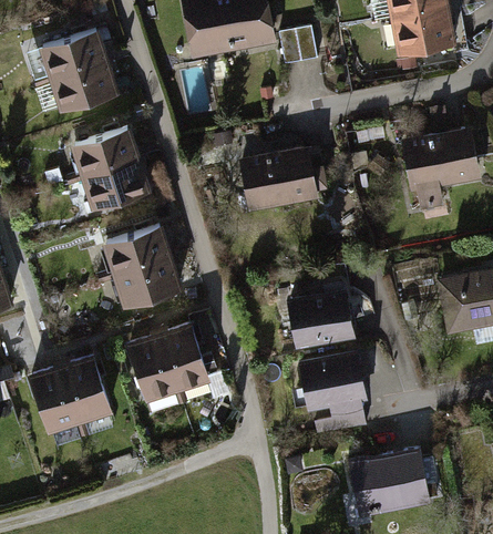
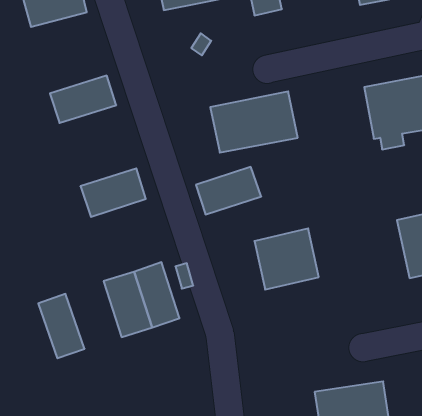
building: [51,61,119,109] -> none
building: [81,158,151,208] -> none
building: [114,257,183,307] -> [196,167,261,214]
building: [299,355,367,428] -> none
building: [28,367,79,434] -> none

